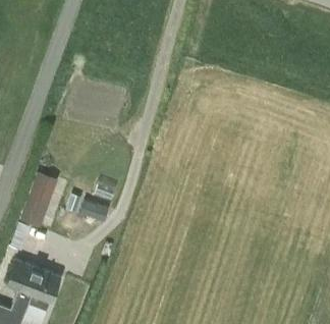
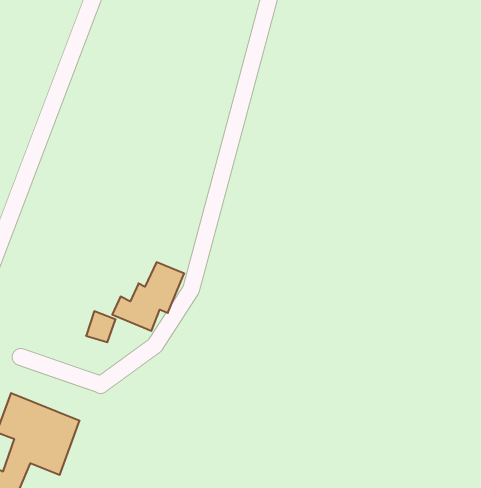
building: [22,170,56,225] -> none

